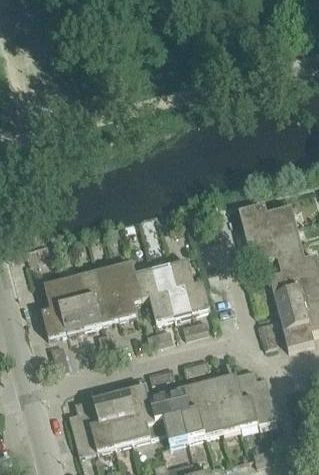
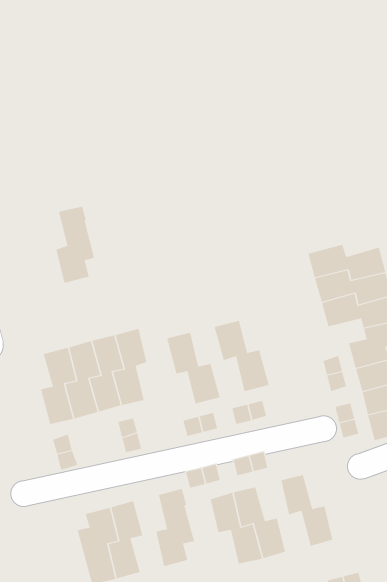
building: [112,260,141,317] -> [56,206,95,283]
building: [152,263,191,315] -> none
building: [235,367,276,420] -> none
building: [200,376,240,429] -> none
building: [108,387,134,444] -> none
building: [148,390,187,443] -> none

